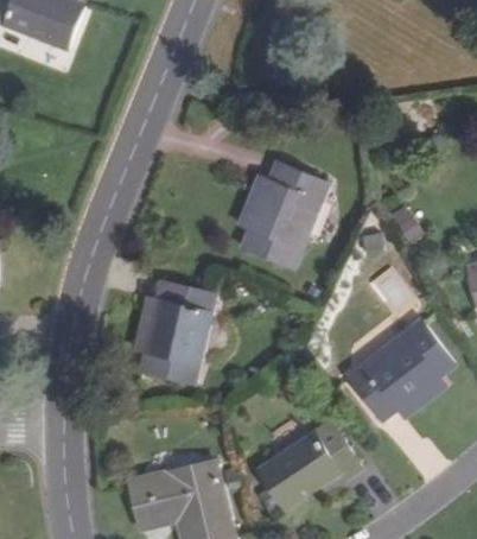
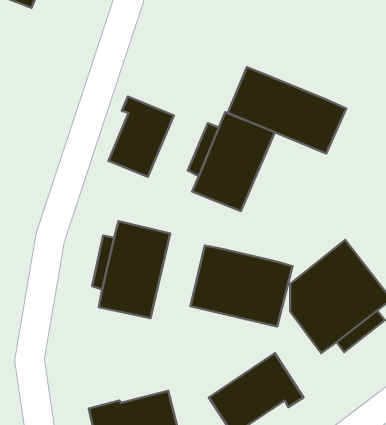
building: none -> [228,67,346,153]
building: none -> [109,96,174,177]
building: none -> [191,245,292,326]

